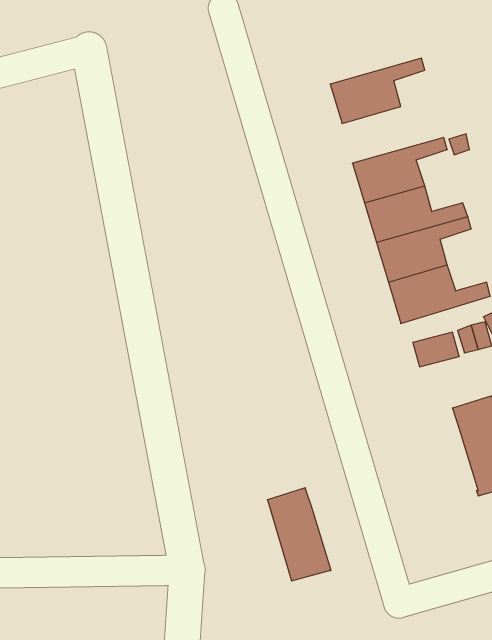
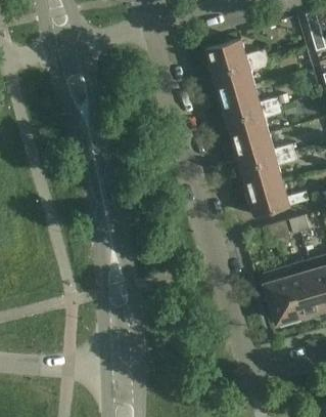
building: none -> [204,41,266,76]
building: none -> [219,89,279,123]
building: [267,488,331,581] -> [262,268,299,324]

